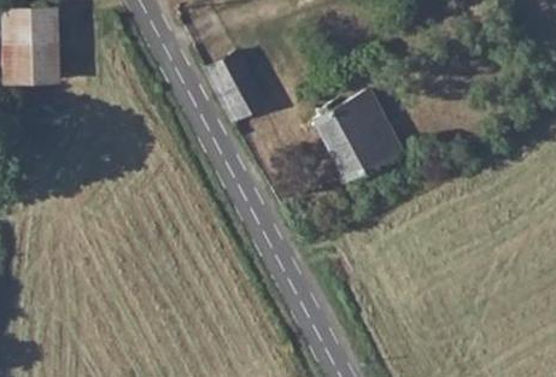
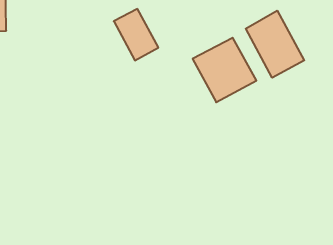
building: none -> [246,11,304,78]

